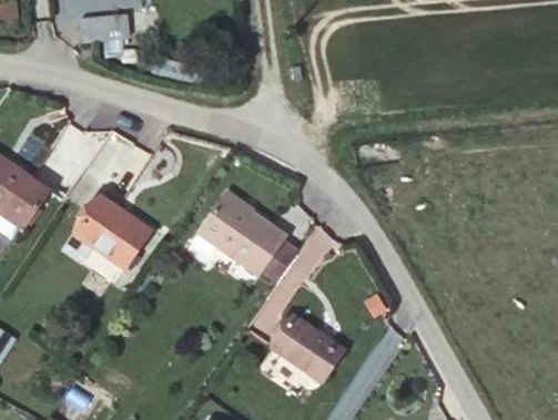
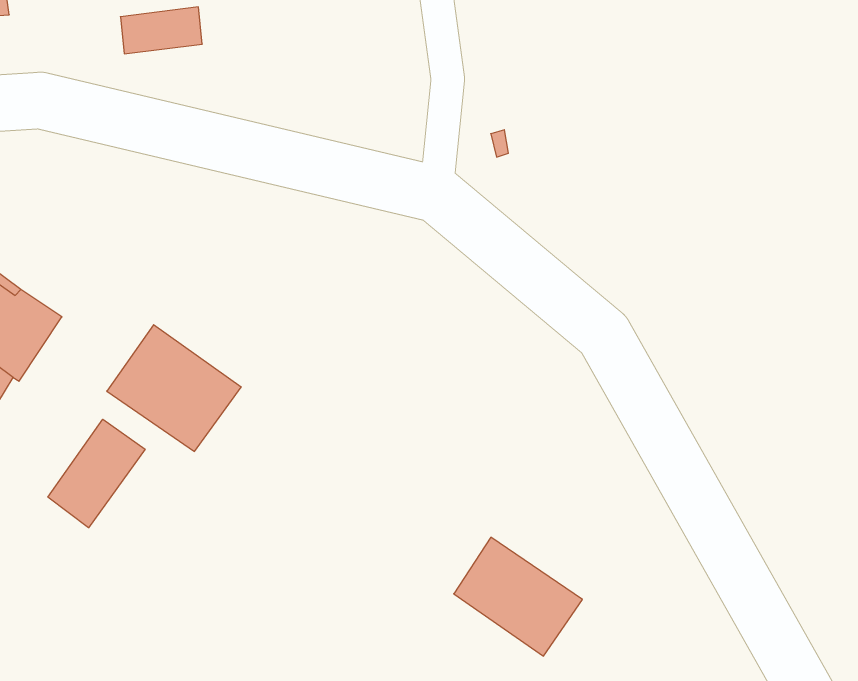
building: [200,195,285,274] -> none
building: none -> [48,419,145,528]

